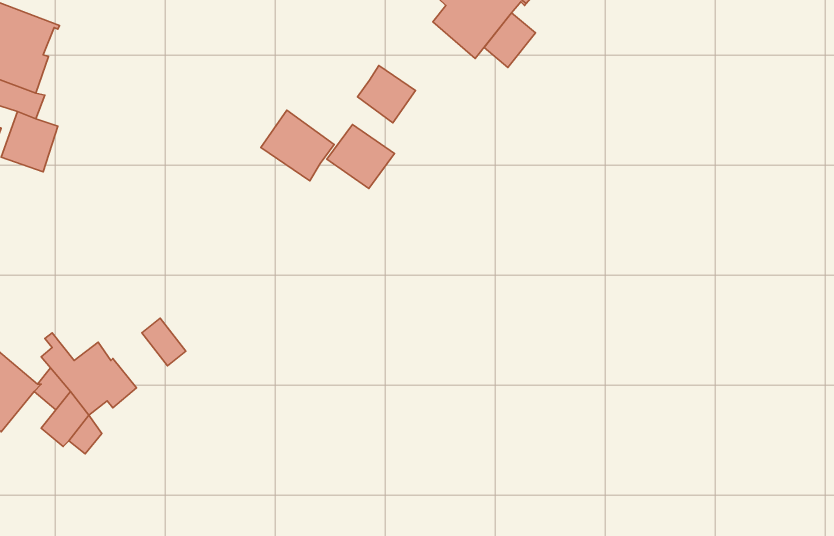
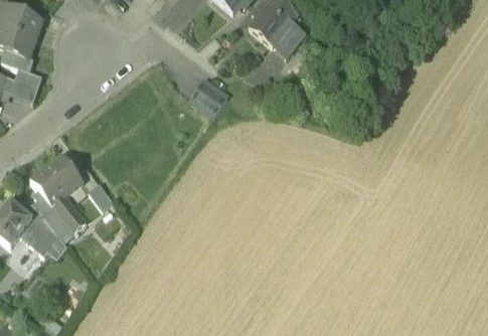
building: [357,65,416,123] -> none
building: [261,110,334,181] -> none
building: none -> [29,154,83,206]

